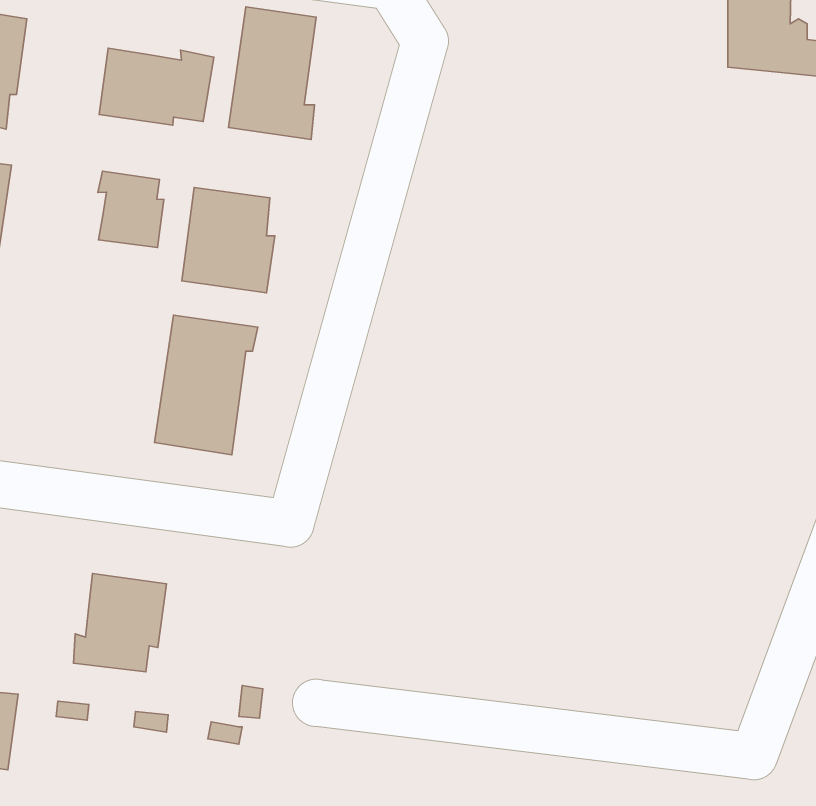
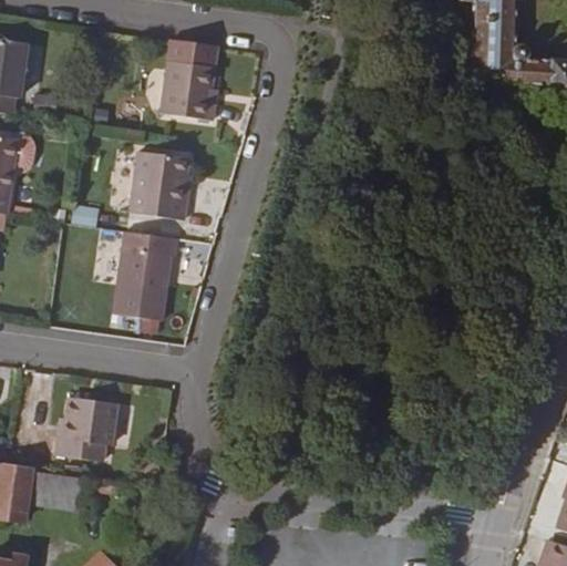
building: [99,48,214,125] -> none
building: [98,171,164,248] -> none

